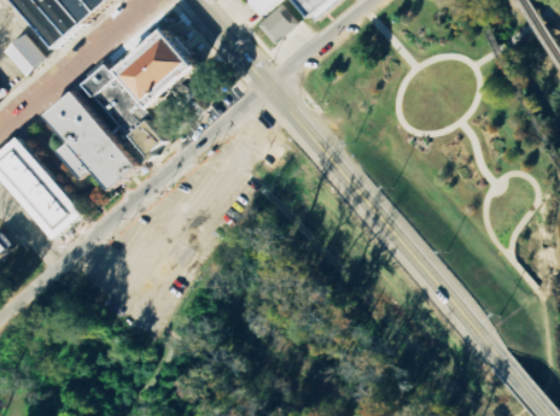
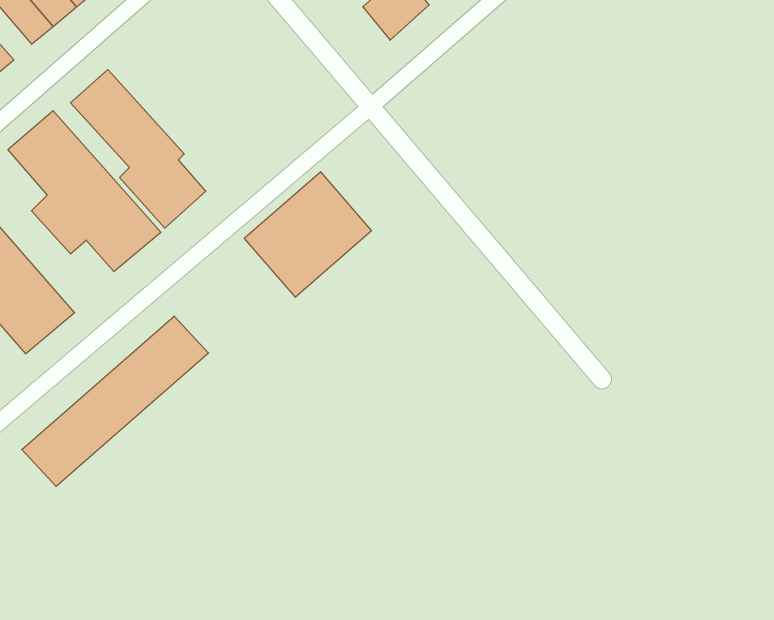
building: [112,28,191,105] -> [244,172,372,297]
building: none -> [22,316,209,486]

